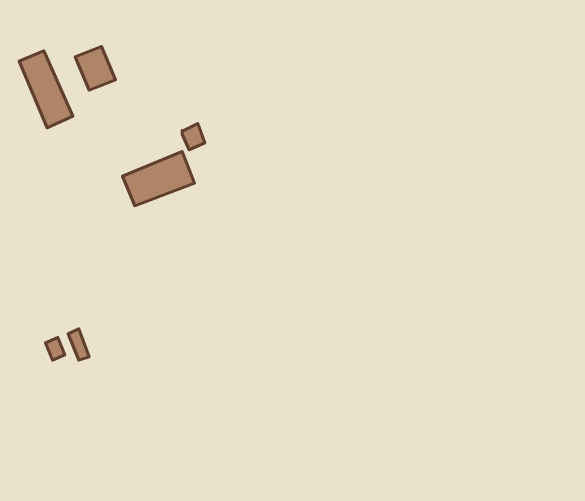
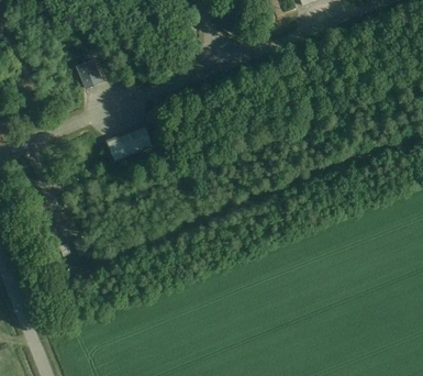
building: [19,51,73,128] -> none

